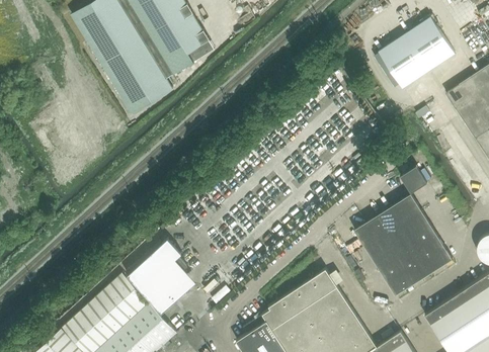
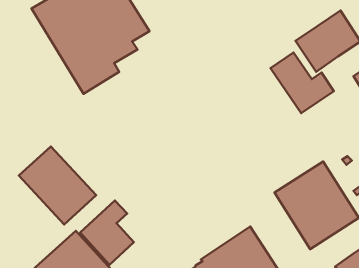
building: none -> [271,53,334,113]
building: [400,167,427,194] -> none
building: none -> [19,146,96,224]

